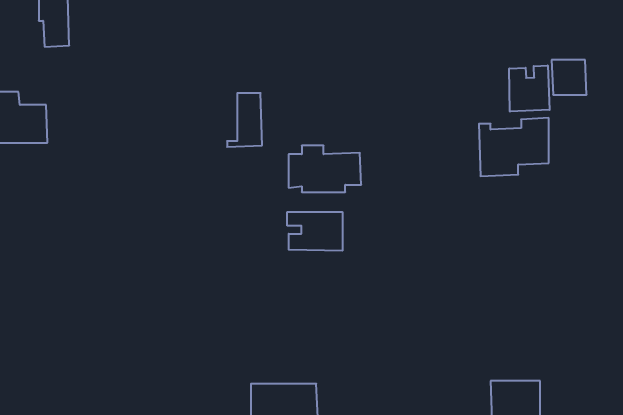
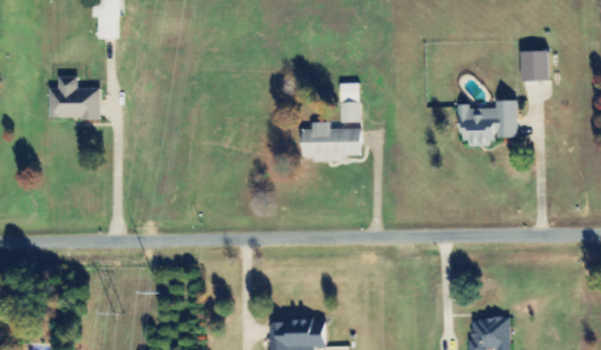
building: [509,65,550,112] -> none
building: [227,93,262,147] -> [331,83,360,128]
building: [287,212,342,251] -> none

